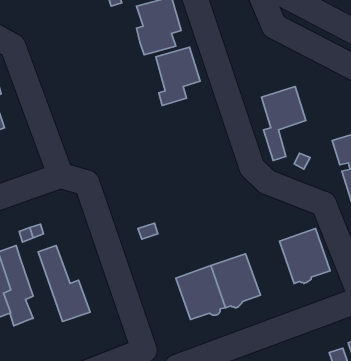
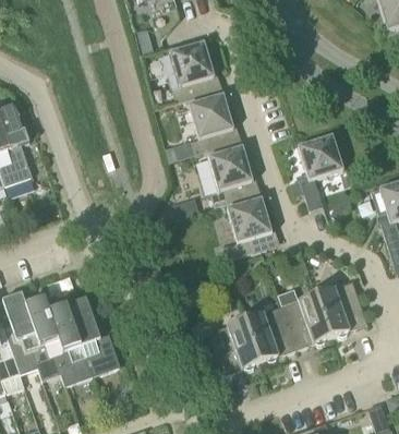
building: none -> [207,145,252,205]
building: none -> [218,196,271,260]
building: none -> [280,292,330,348]
building: none -> [48,303,92,385]

